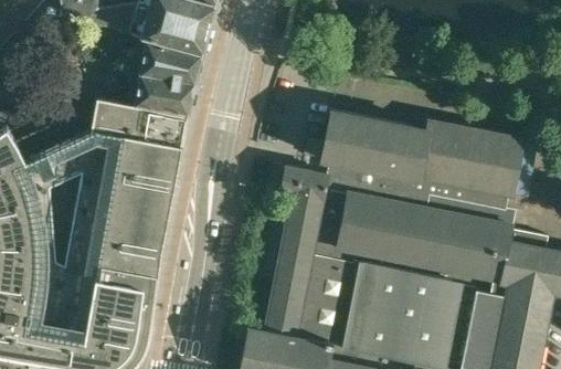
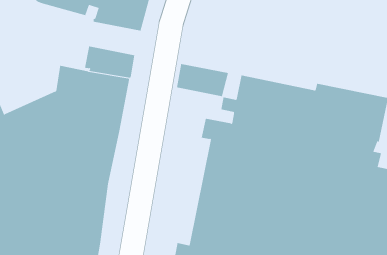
building: [134,41,202,84] -> [176,64,229,97]

